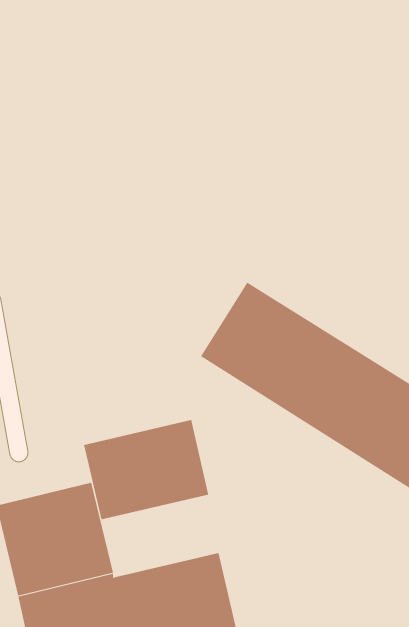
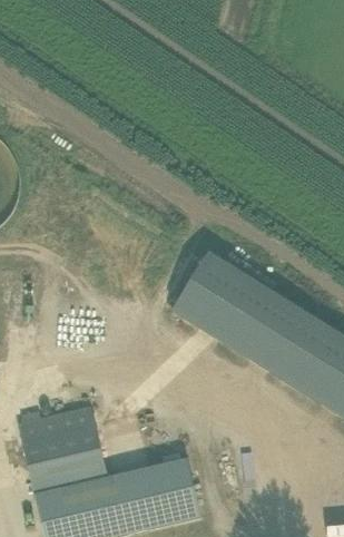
building: [84,419,209,520] -> none

